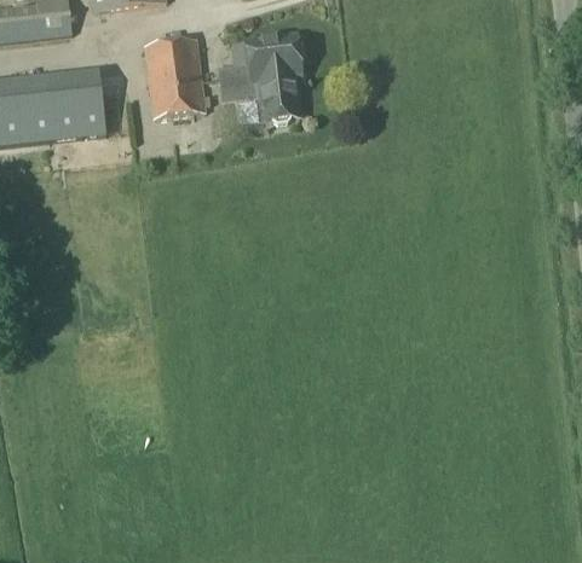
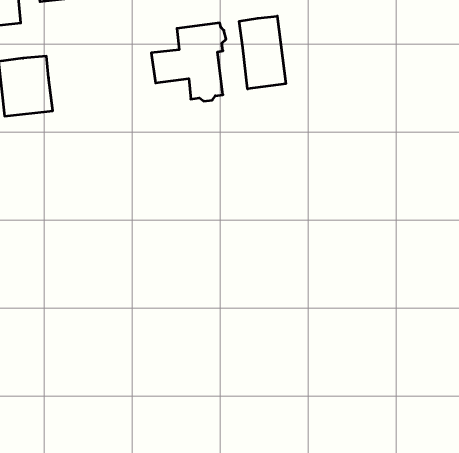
building: none -> [239,16,286,89]
building: [143,37,203,117] -> none

